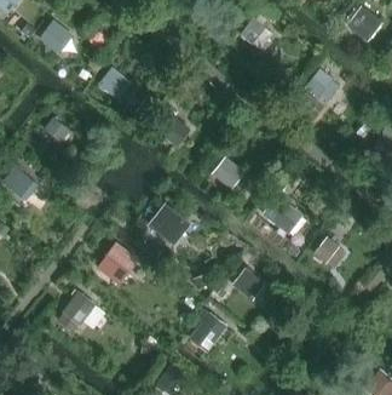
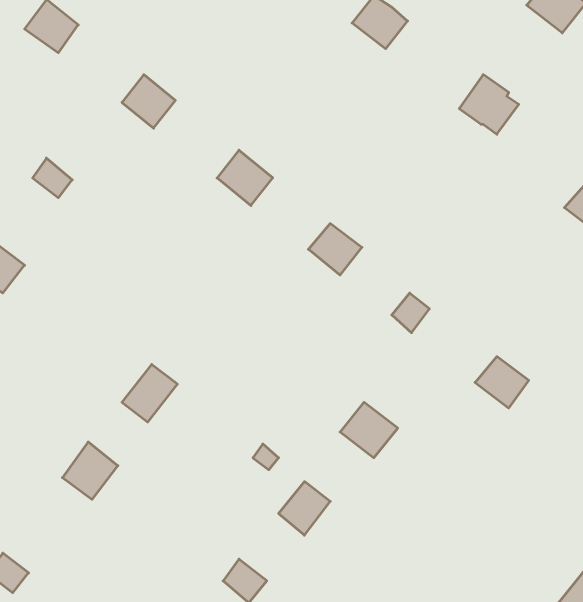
building: [148,204,190,246] -> none

